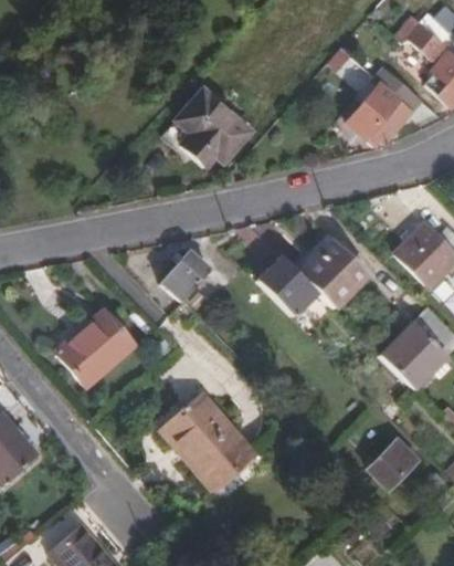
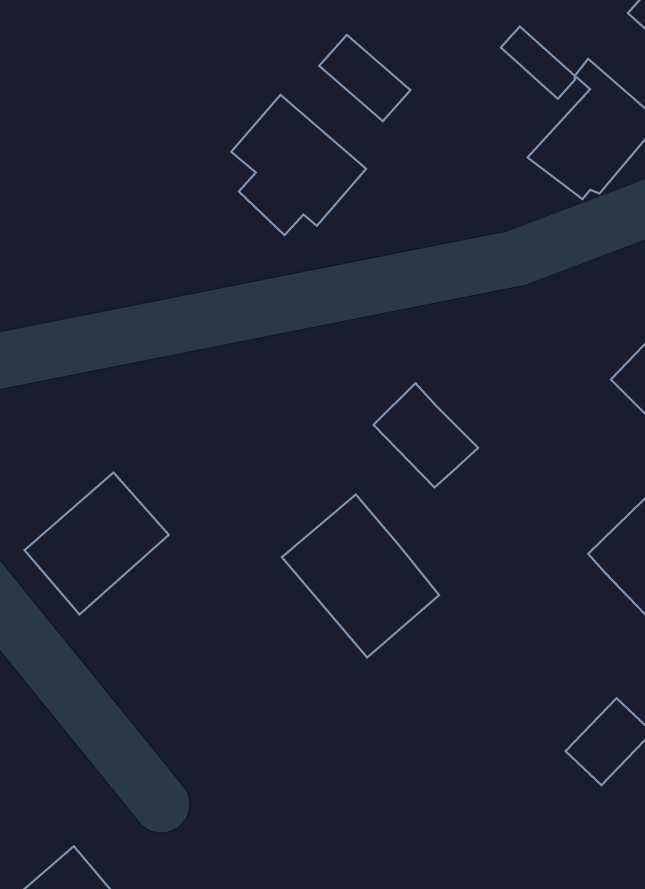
building: none -> [319,35,411,121]
building: [293,240,368,310] -> none
building: [160,251,209,302] -> none
building: [161,394,253,489] -> [282,495,439,658]

